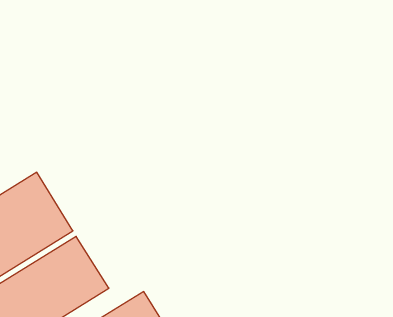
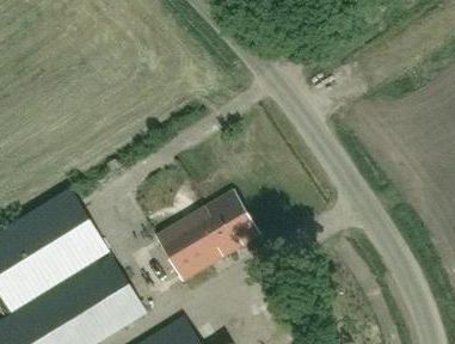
building: none -> [156,189,260,281]

